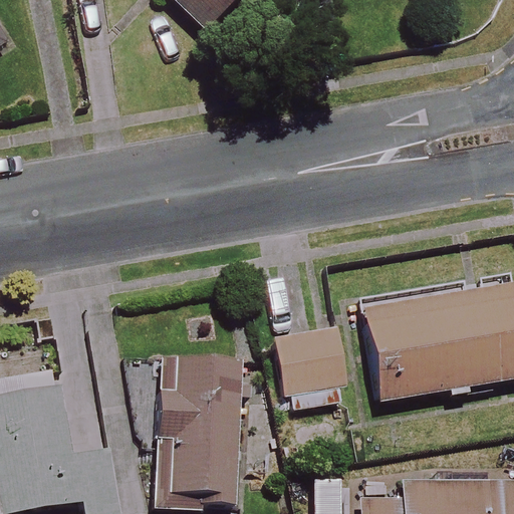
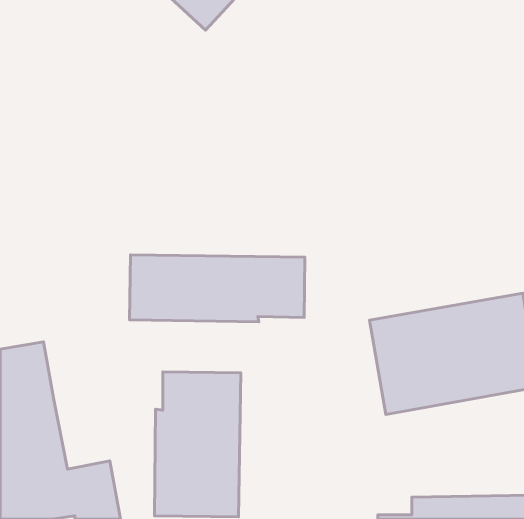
building: none -> [129,255,305,322]
building: [274,325,349,409] -> none

